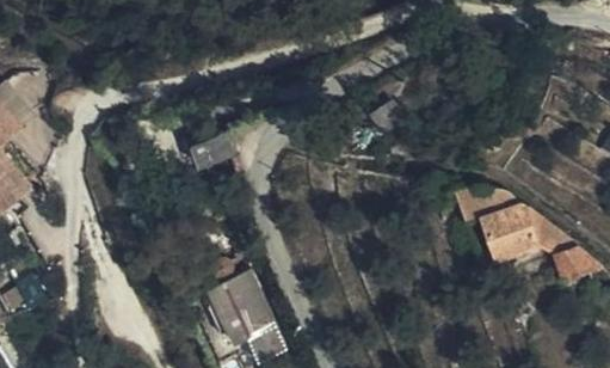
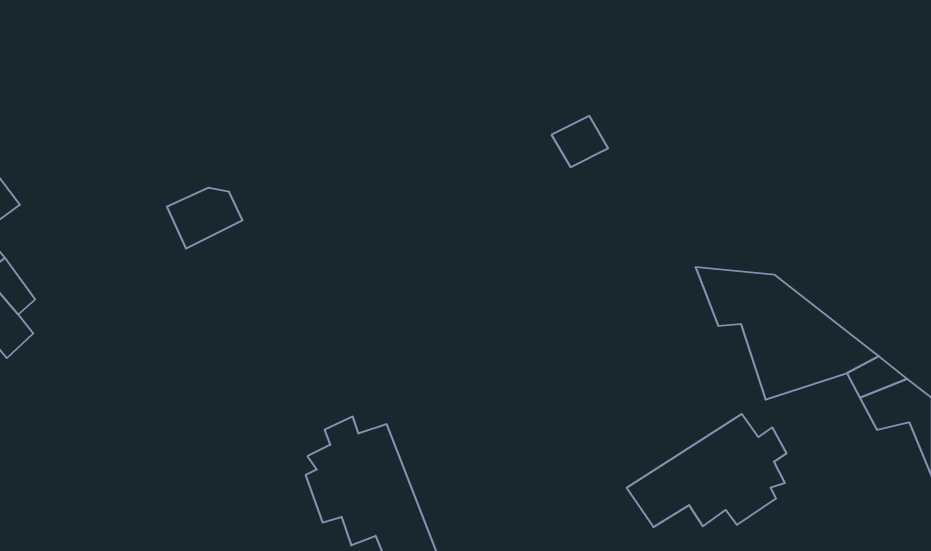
building: [191,135,239,173] -> [167,188,243,248]
building: none -> [627,414,786,527]

